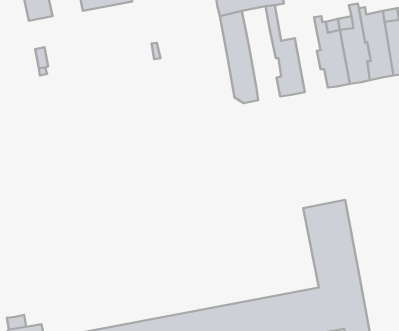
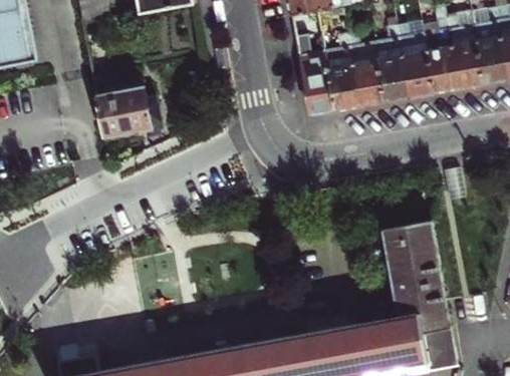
building: none -> [373,27,410,102]
building: none -> [323,36,358,111]
building: none -> [96,81,158,137]

